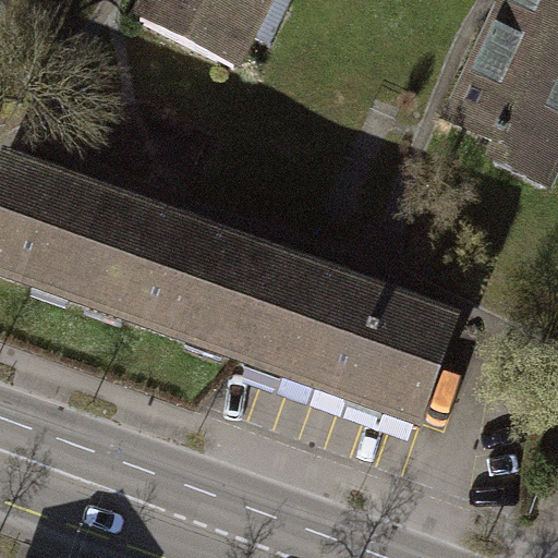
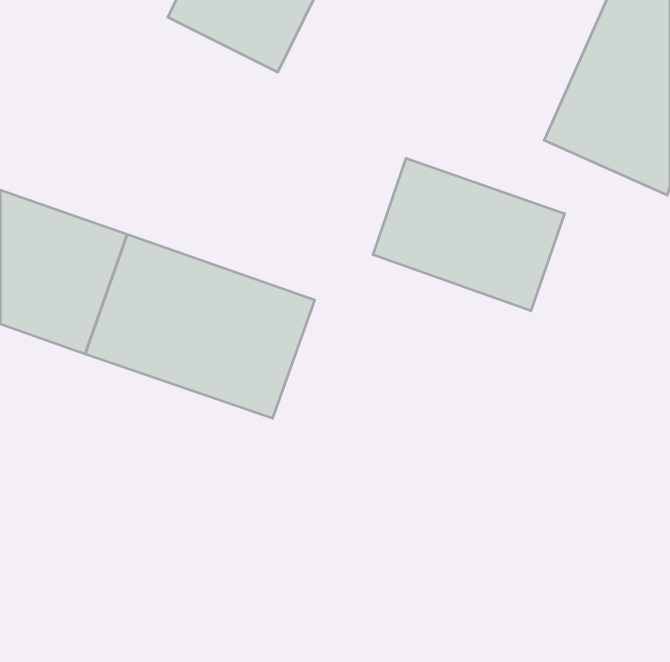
building: none -> [373,158,565,311]
building: [227,250,456,415] -> none

